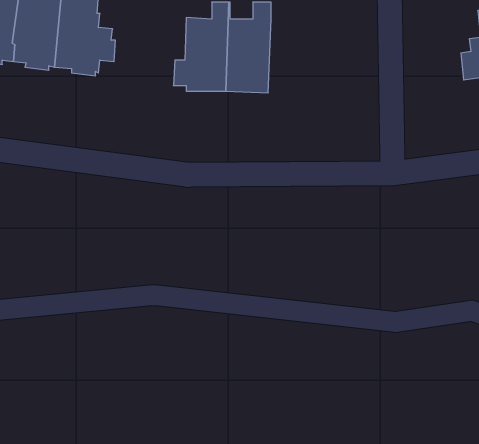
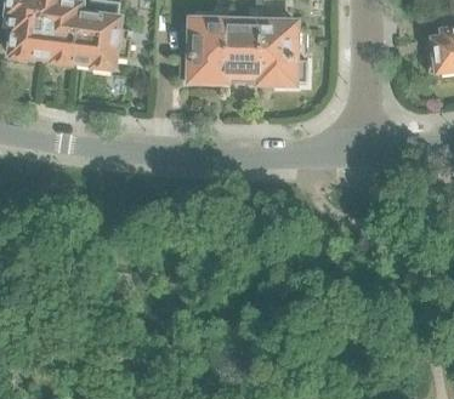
building: none -> [260,21,306,85]

